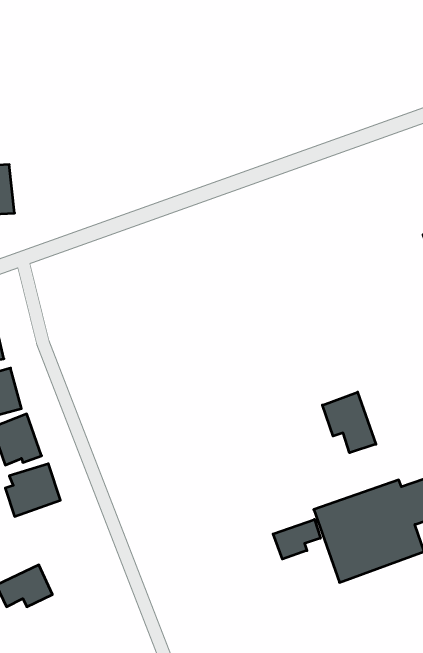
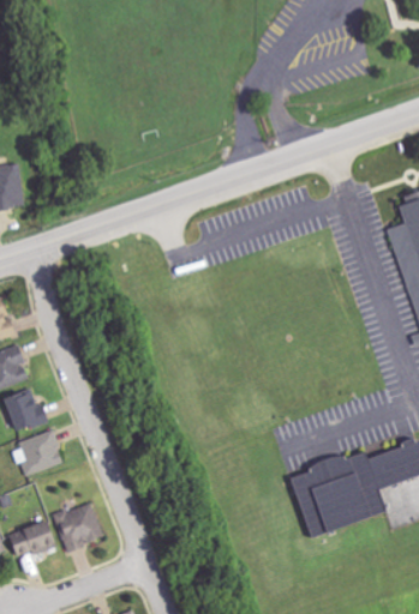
building: [322,392,376,453] -> none
building: [273,519,320,559] -> none
building: none -> [54,504,103,553]

